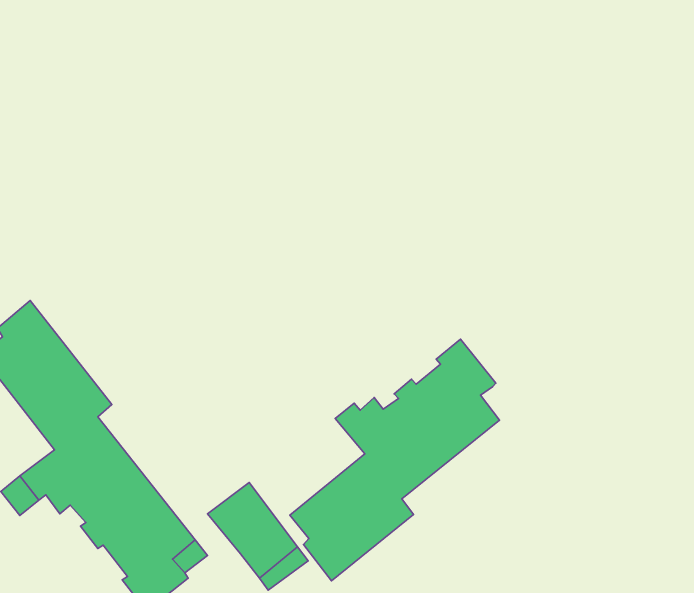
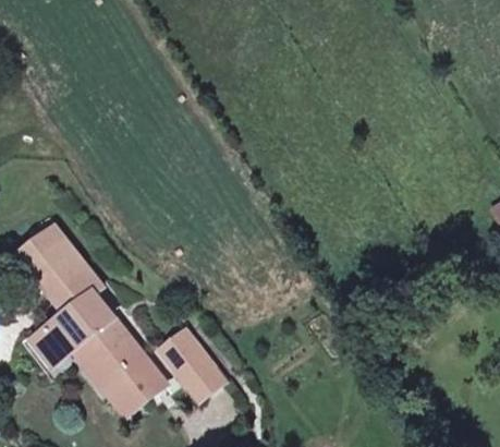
building: [290,339,499,581] -> none

